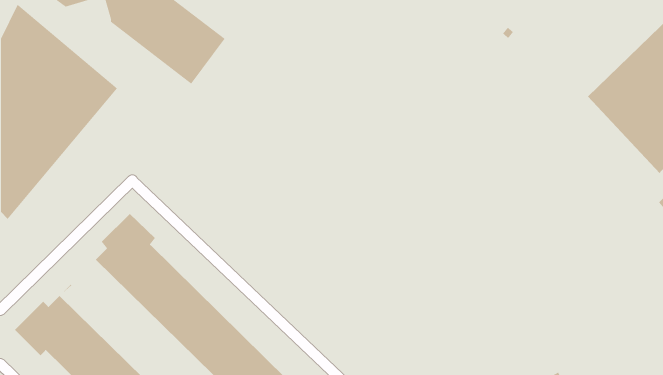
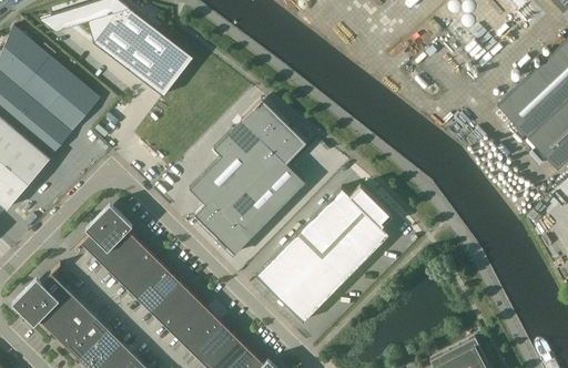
building: none -> [190,100,306,255]
building: none -> [271,186,393,324]

